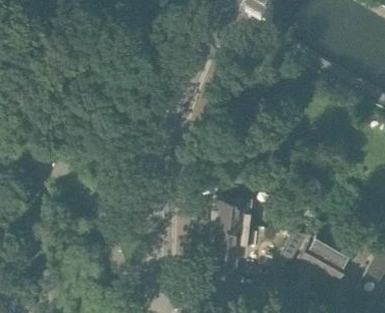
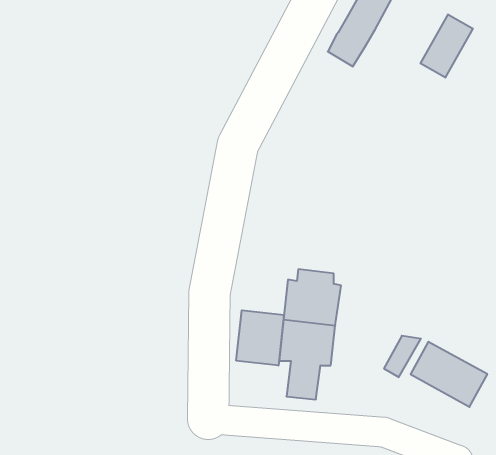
building: none -> [421,14,473,78]
building: none -> [236,310,284,366]

